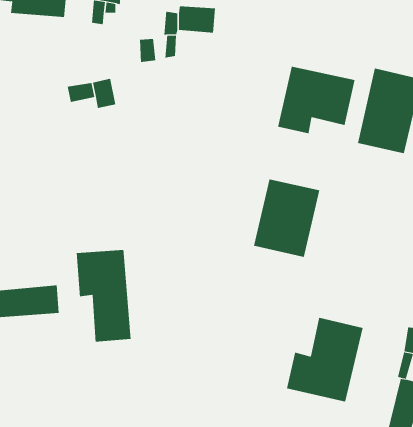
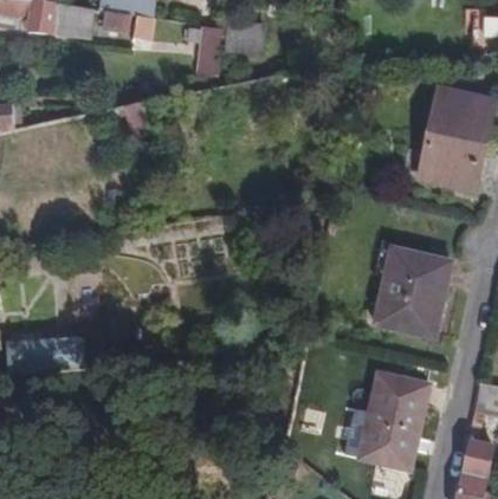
building: [277,66,355,134] -> none
building: [253,179,320,257] -> [374,246,450,335]
building: [76,249,131,342] -> none

